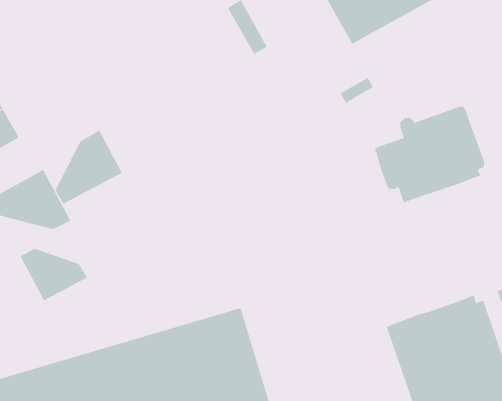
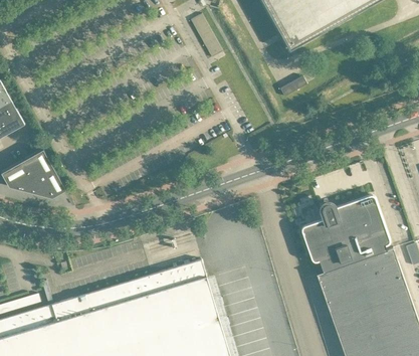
building: [374,106,485,203] -> [302,195,391,273]
building: [55,130,123,205] -> none
building: [20,248,87,301] -> none

